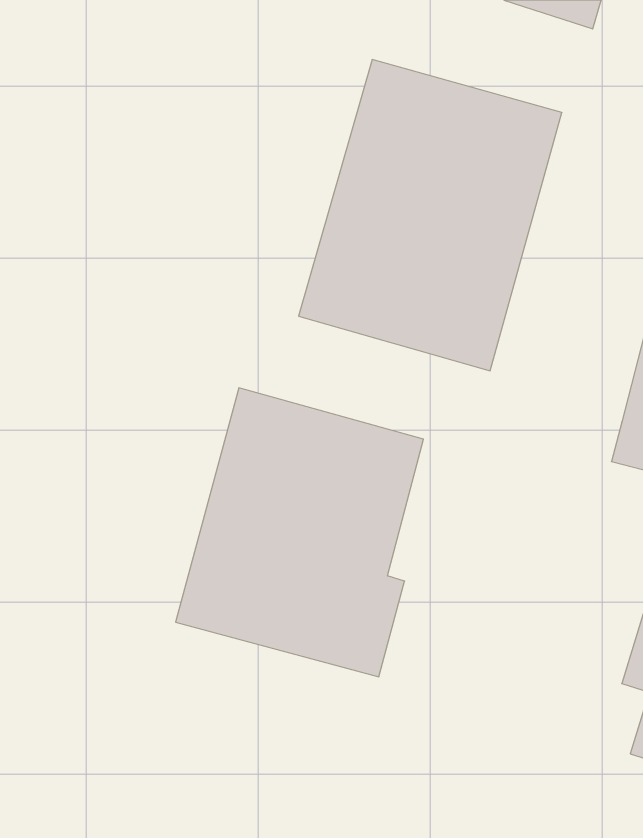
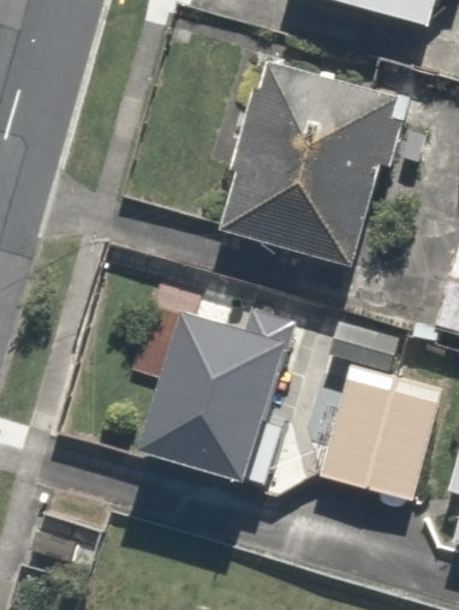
building: none -> [322,328,449,504]

